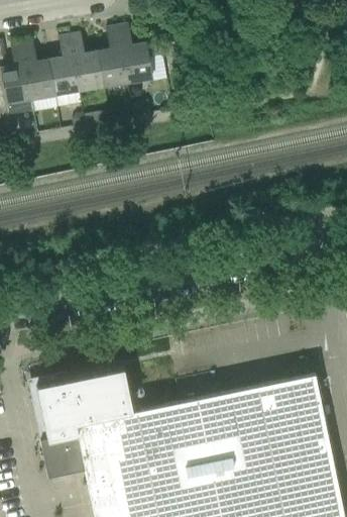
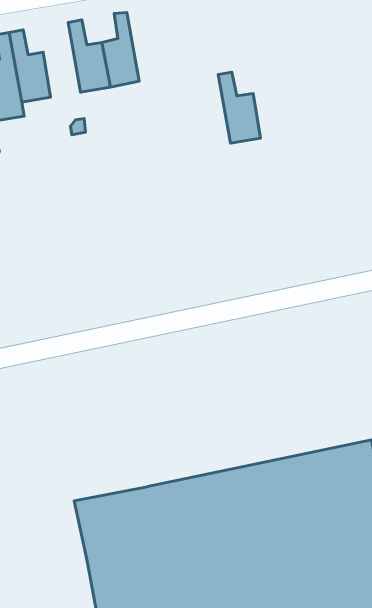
building: [117,26,151,84] -> [218,72,261,143]
building: [49,36,80,97] -> none
building: [36,368,132,478] -> none

